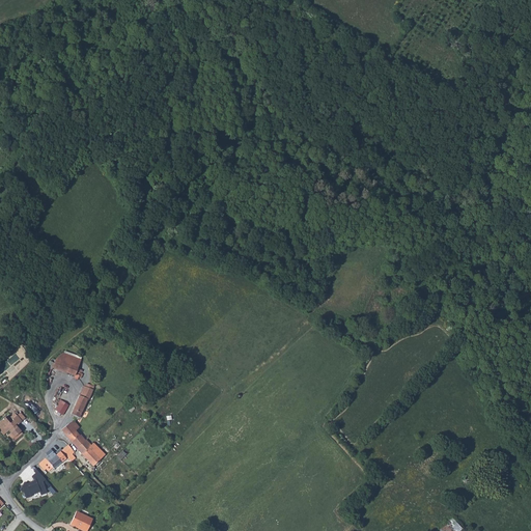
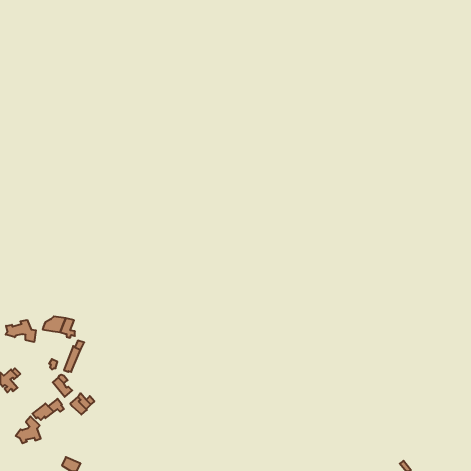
building: none -> [6,320,36,342]

